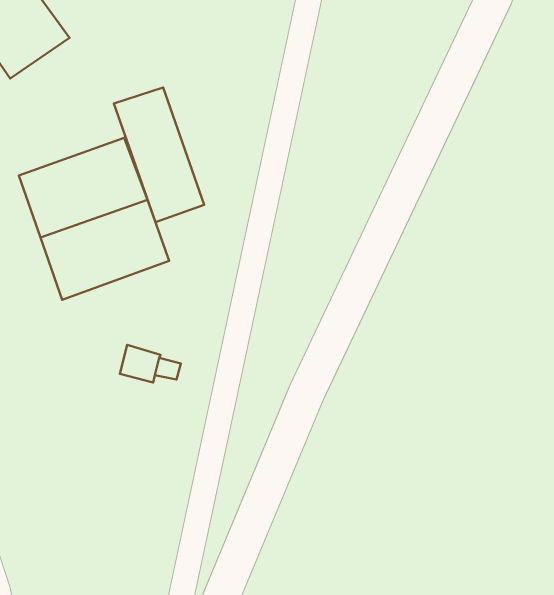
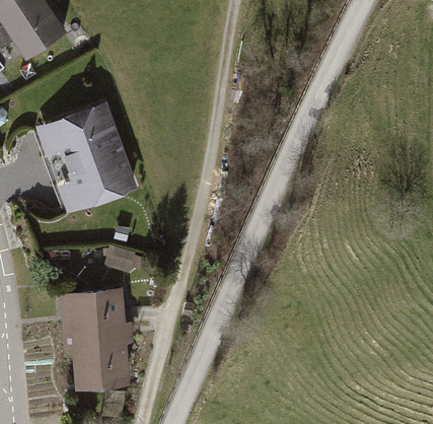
building: [114,87,204,222] -> none
building: none -> [61,289,130,388]

